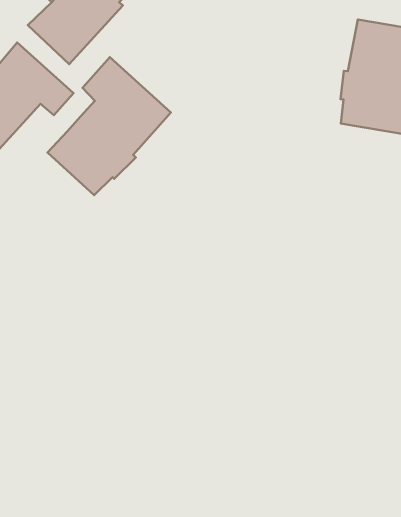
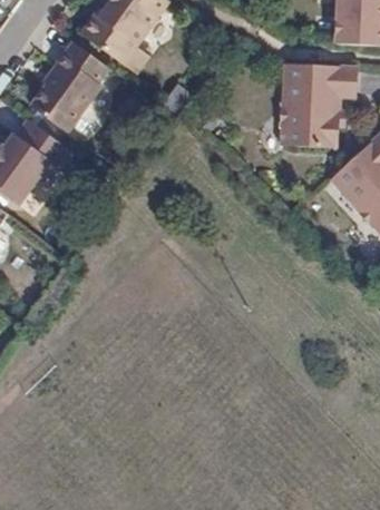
building: [48,57,171,195] -> none

